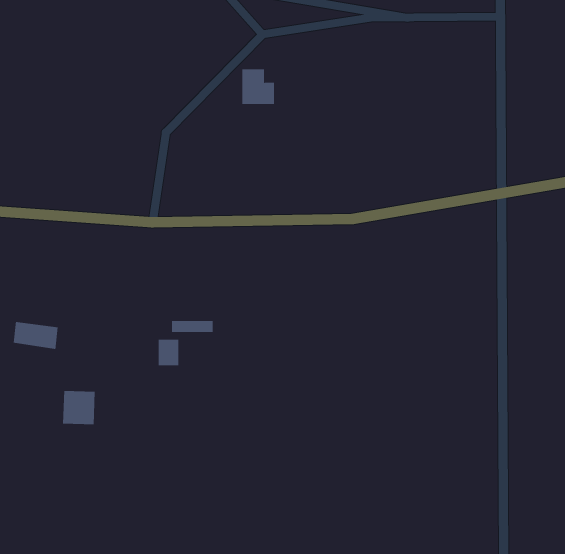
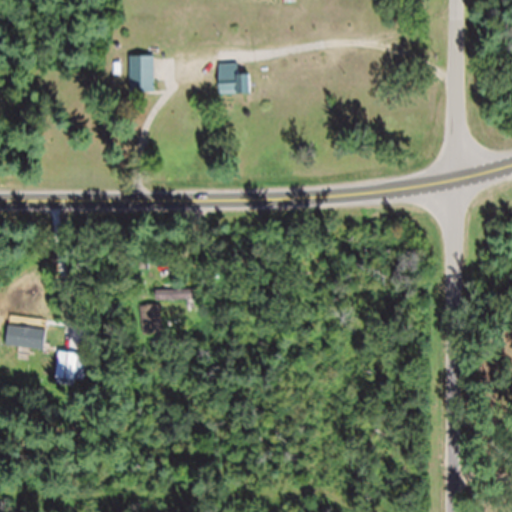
building: none -> [129,55,153,91]
building: [13,322,58,349] -> [4,324,45,349]

